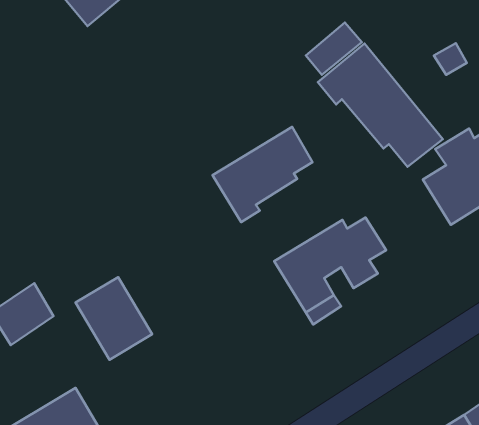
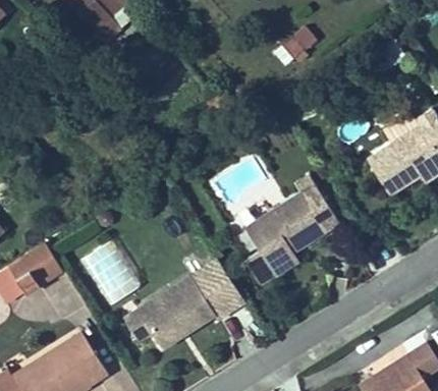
building: [318,43,443,167] -> none
building: [213,127,313,222] -> none
building: none -> [128,279,236,346]

